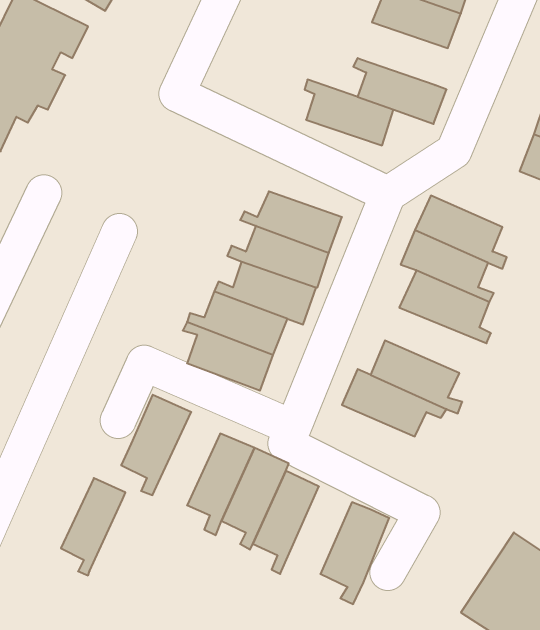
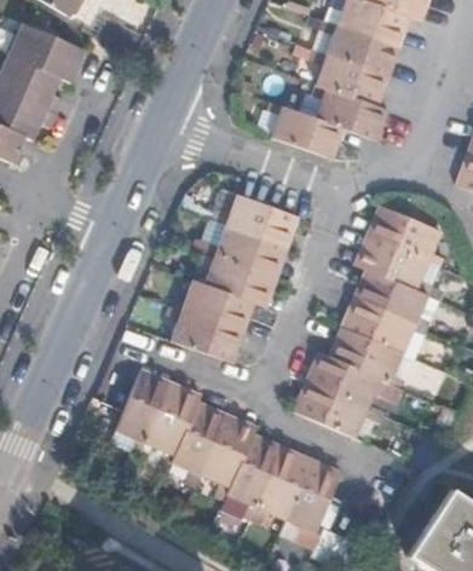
building: none -> [313,51,392,108]
building: none -> [339,295,425,351]
building: none -> [290,377,377,433]
building: [61,478,125,575] -> [148,383,202,466]
building: none -> [250,446,311,524]

